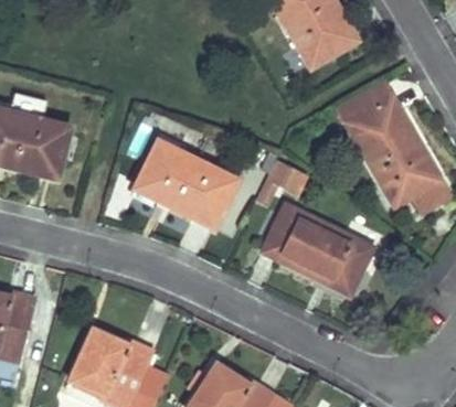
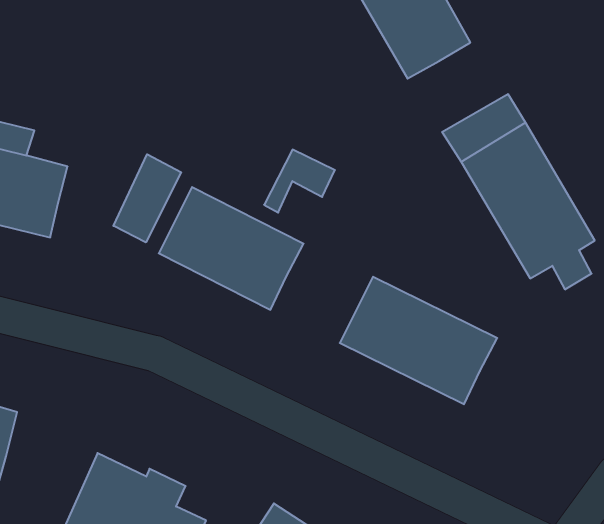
building: none -> [113,154,181,242]
building: [257,159,307,203] -> [264,150,335,213]

